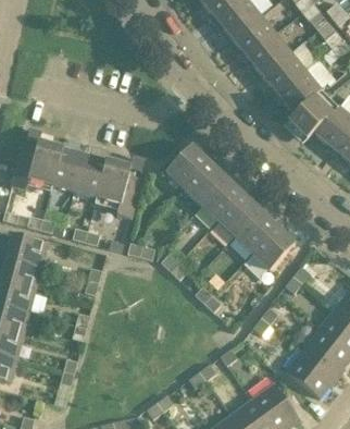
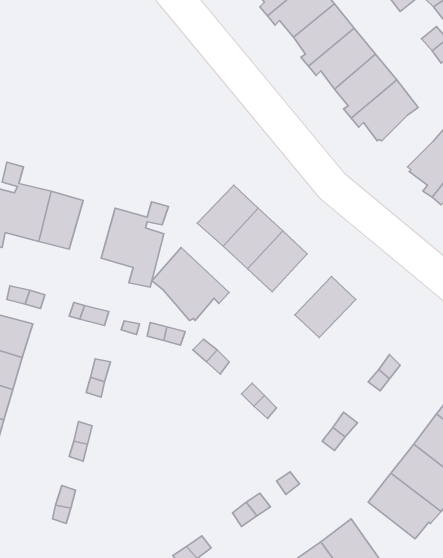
building: [287,95,333,140] -> none
building: [73,156,105,197] -> none
building: none -> [152,247,229,320]
building: [217,194,260,237] -> none
building: [251,226,295,270] -> none

